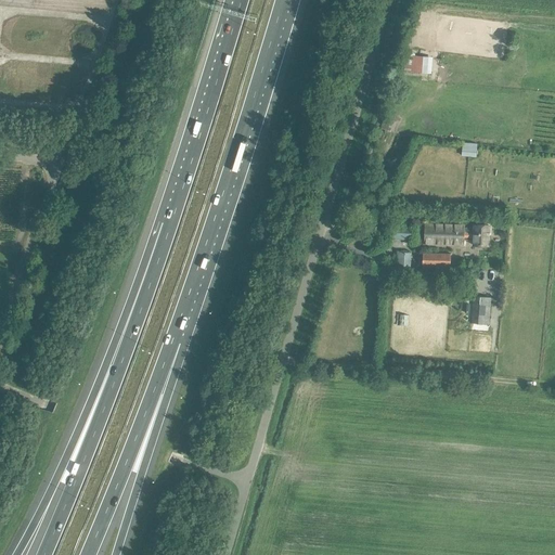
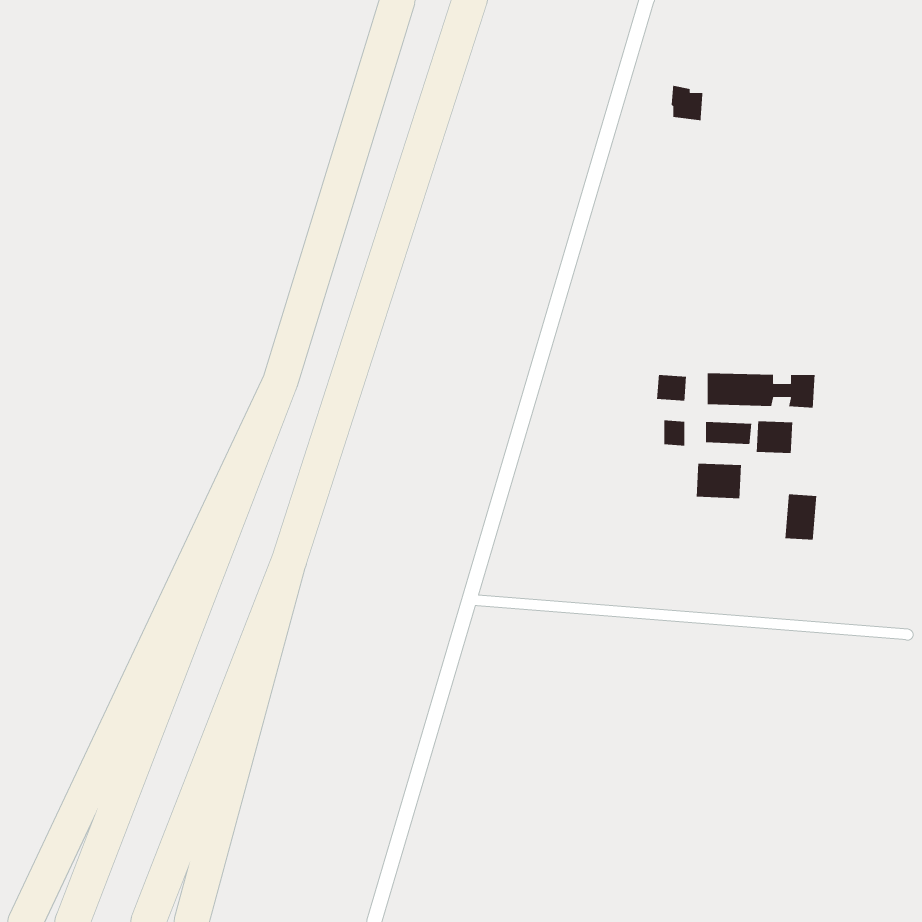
building: none -> [756,420,793,454]
building: none -> [696,463,742,499]

